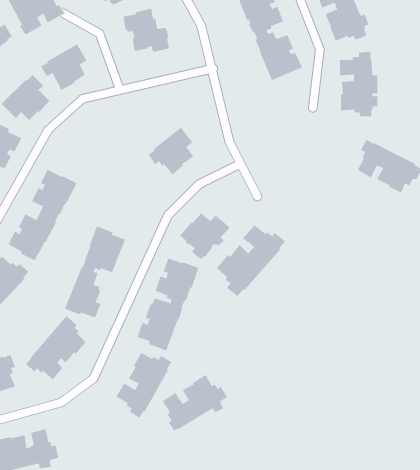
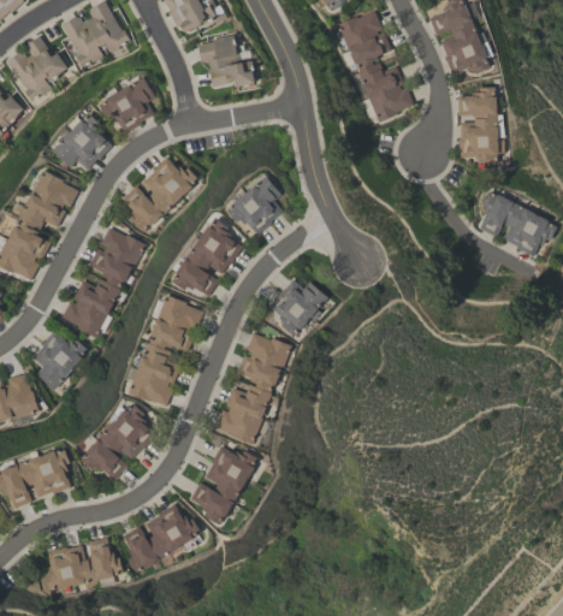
building: none -> [123,158,197,232]
building: none -> [173,219,243,297]
building: [216,225,286,297] -> none
building: [162,374,228,431] -> [122,504,201,573]

